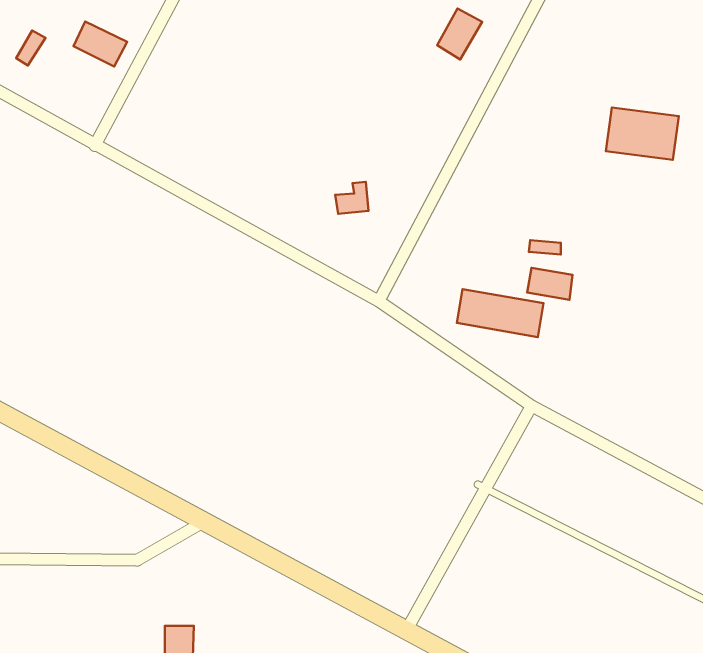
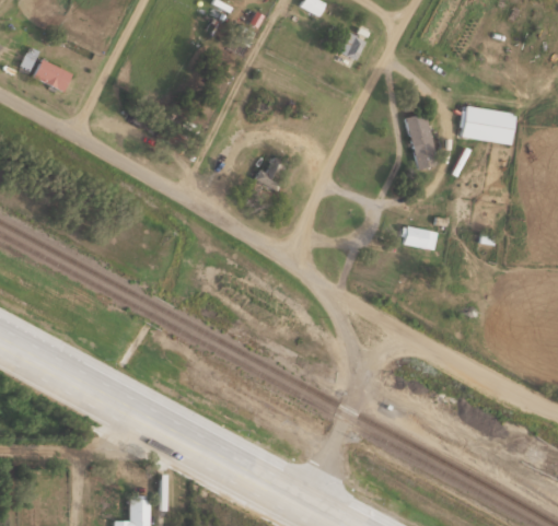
building: [73,22,127,67] -> [32,59,72,93]
building: none -> [405,113,438,170]
building: [457,289,544,337] -> none

